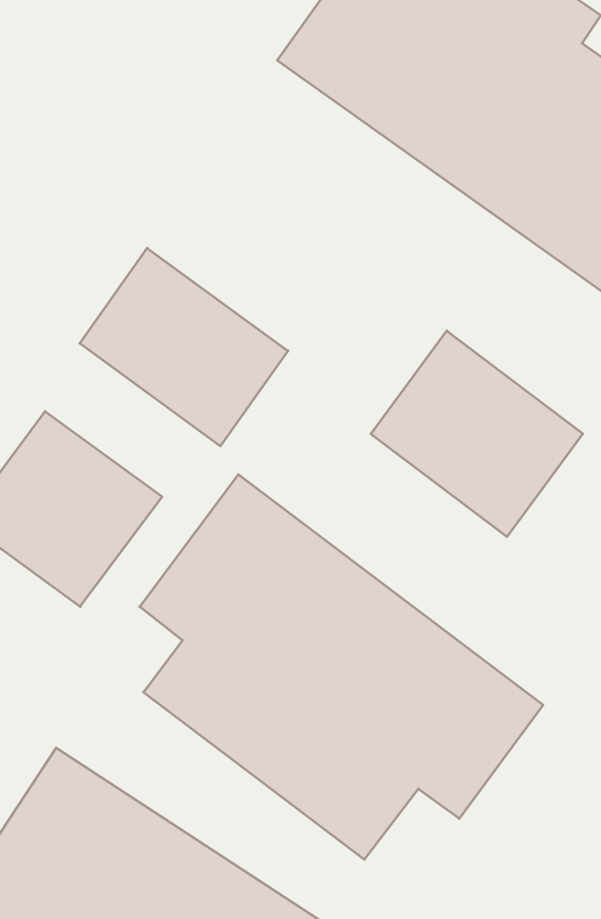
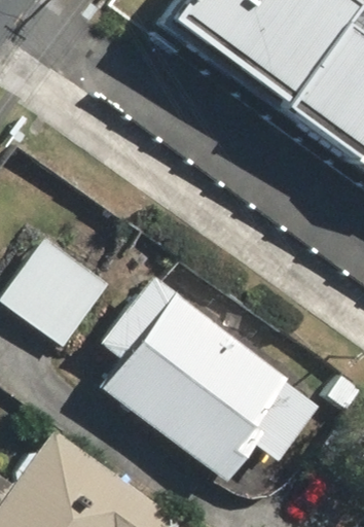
building: [80,248,288,446] -> none
building: [371,331,583,537] -> none

